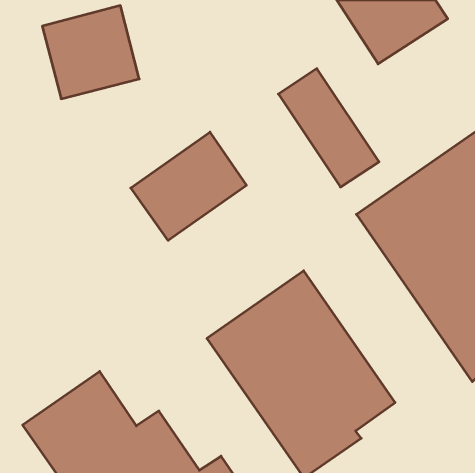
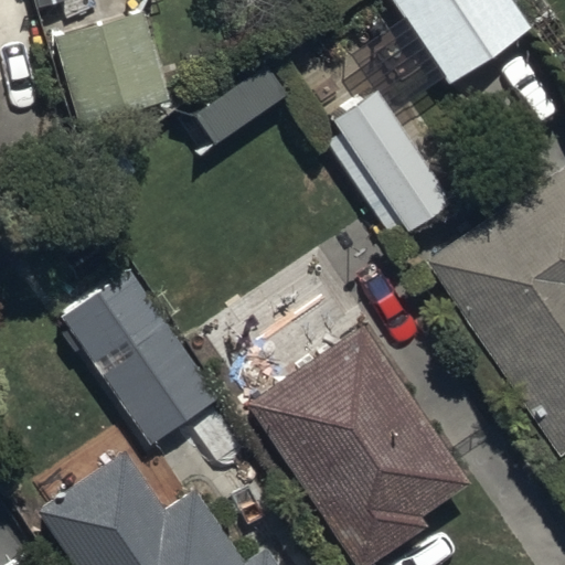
building: [131,132,246,240] -> none
building: none -> [58,269,218,447]

